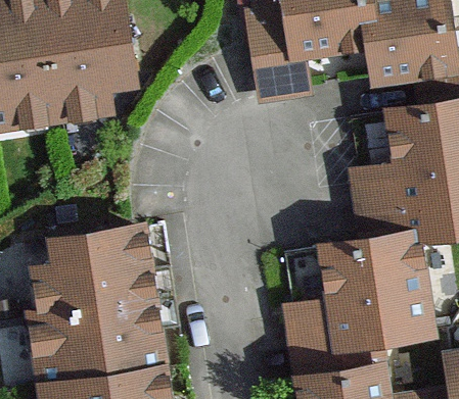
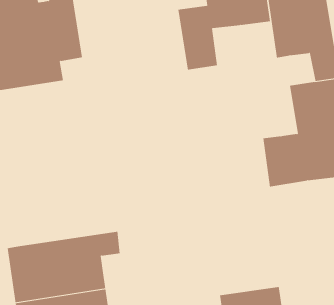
building: [35,230,173,317] -> none
building: [292,234,428,380] -> none

